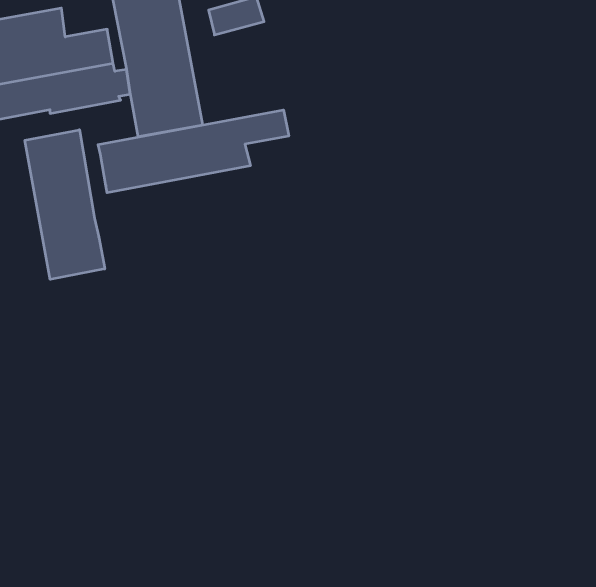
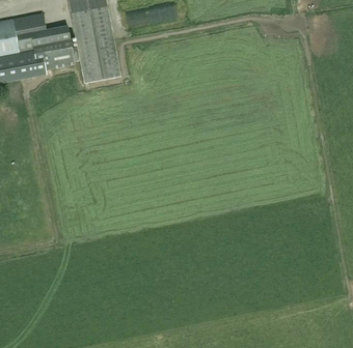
building: [98,110,289,193] -> none
building: [25,130,105,279] -> none

